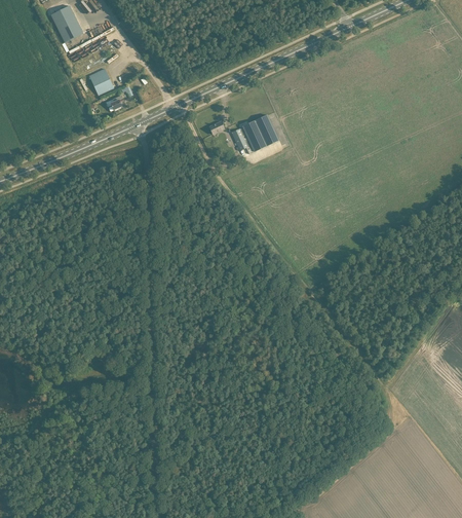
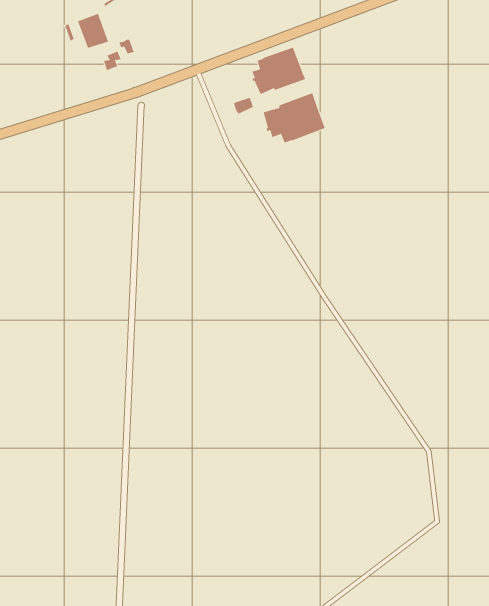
building: none -> [252,47,306,95]

